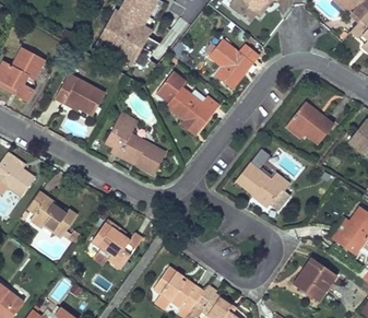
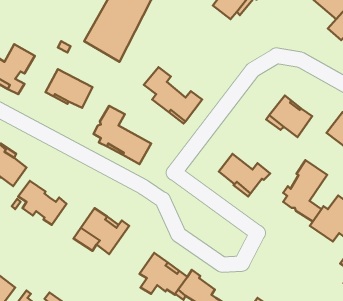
building: [204,39,258,87] -> none
building: none -> [283,160,327,222]
building: [293,258,336,303] -> none

